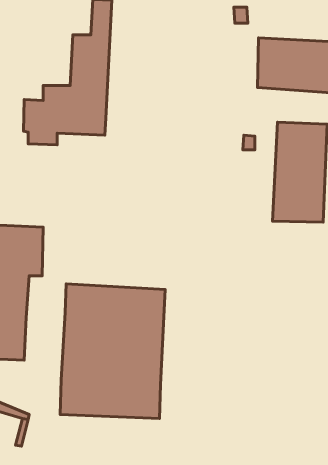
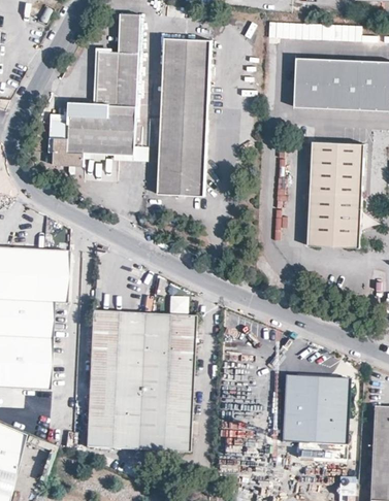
building: none -> [157,38,209,194]
building: none -> [281,375,349,442]

